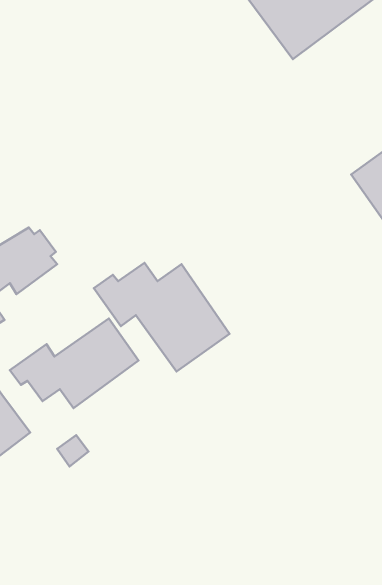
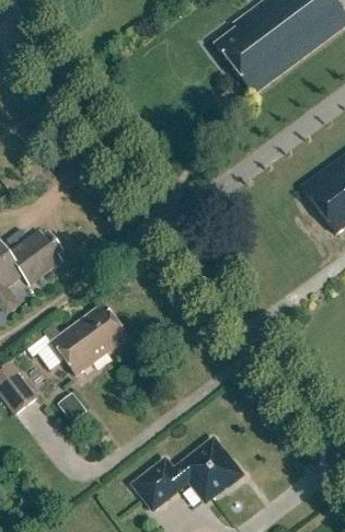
building: [94,263,229,371] -> none
building: none -> [134,438,243,506]

